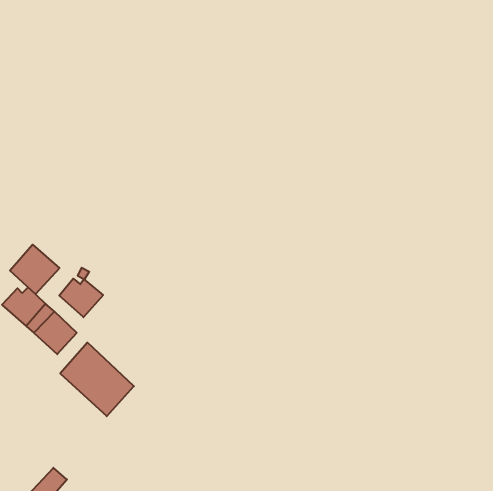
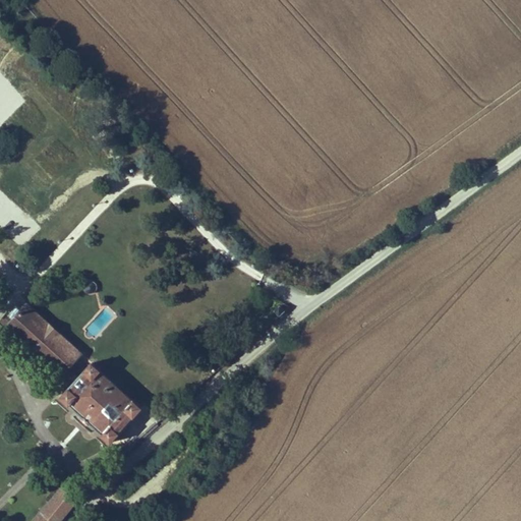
building: [10,245,59,294] -> none
building: [59,279,103,317] -> none

